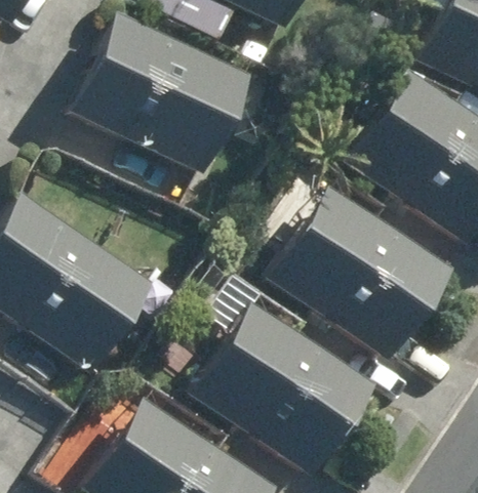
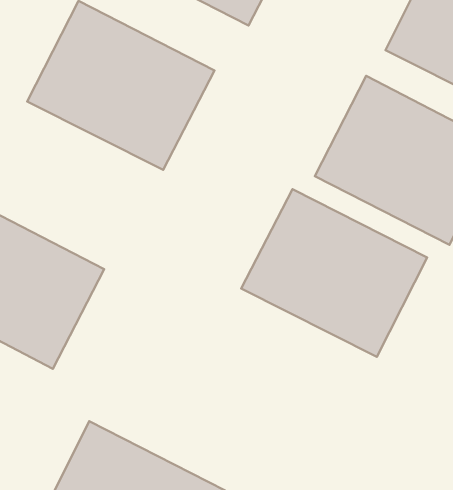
building: [180,302,358,463] -> none

